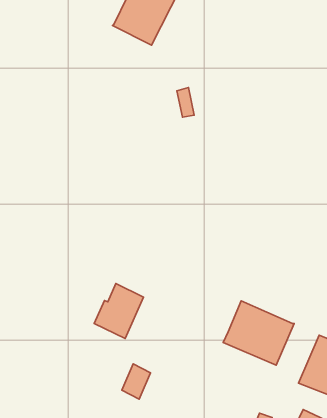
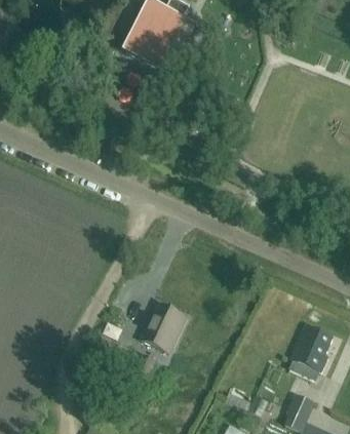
building: [94,283,144,338] -> [142,304,186,353]
building: [223,301,294,365] -> none

